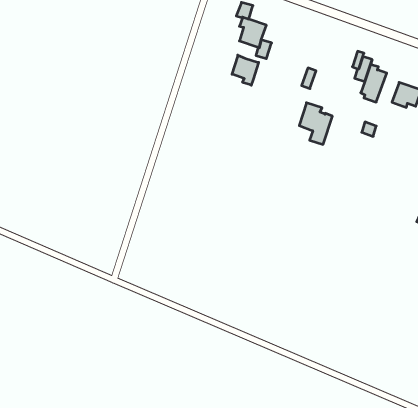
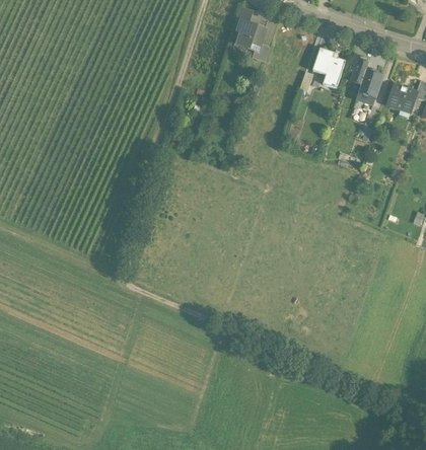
building: [232,55,259,85] -> none
building: [299,103,332,144] -> [312,48,345,88]

